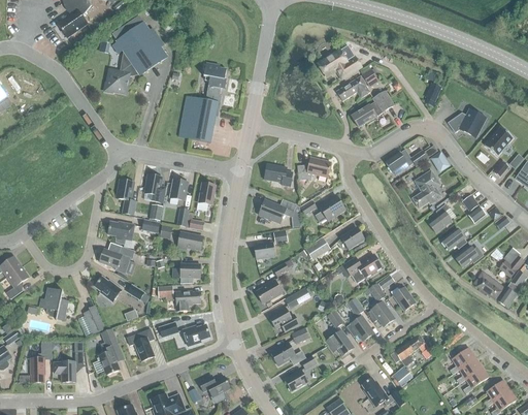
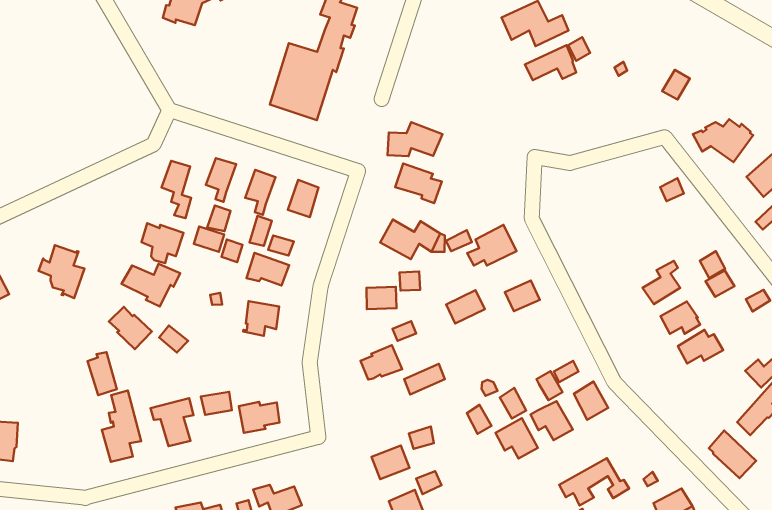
building: [351,91,394,127] -> none
building: [386,149,427,174] -> none
building: [297,157,331,180] -> [388,122,442,156]
building: [412,169,441,208] -> none
building: [343,254,382,283] -> none
building: [473,270,504,299] -> [709,431,756,478]
building: [39,288,68,320] -> [38,245,85,298]
building: [173,290,201,311] -> none
building: [269,307,299,330] -> none
building: [325,329,354,355] -> none
building: [55,351,84,382] -> none

